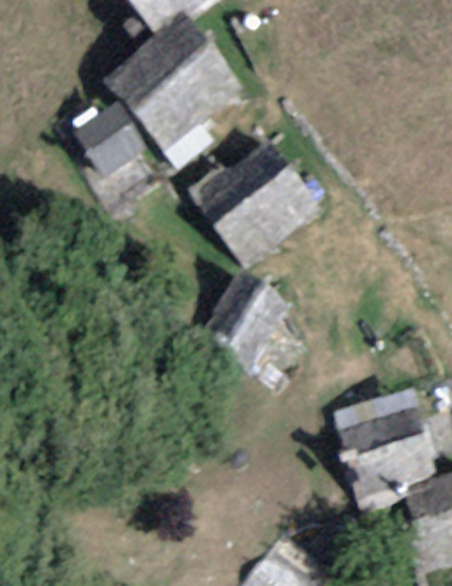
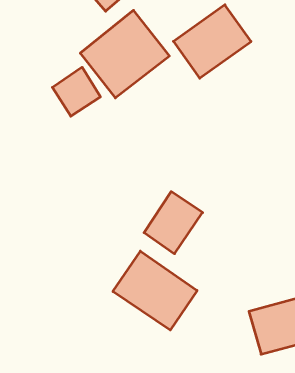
building: [198,145,306,246] -> [173,5,251,78]
building: none -> [113,251,197,330]

